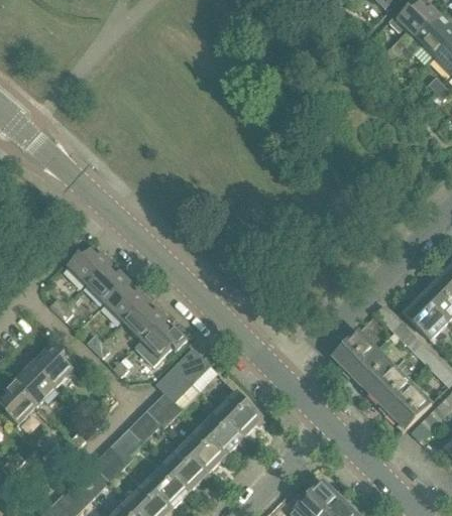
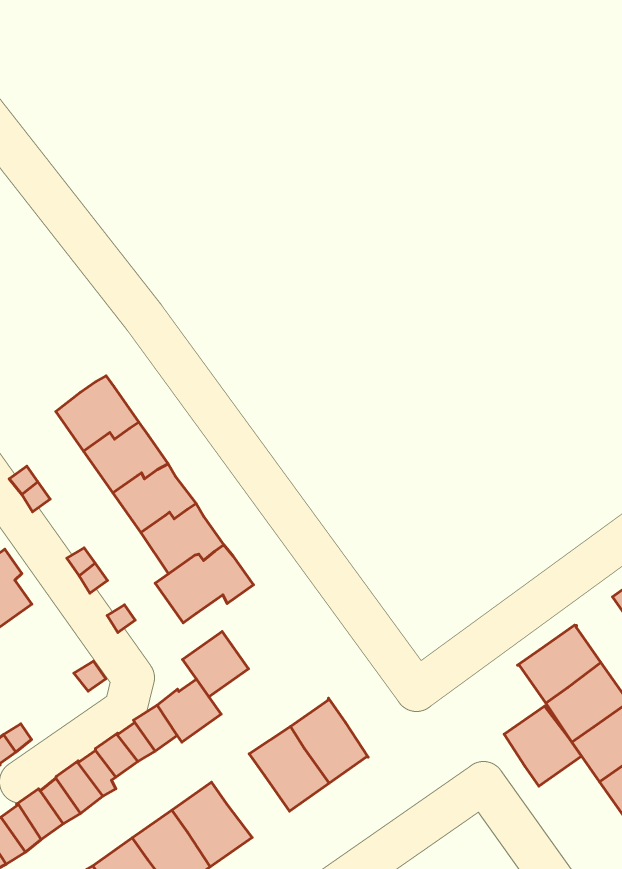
building: [175,348,210,383] -> none
building: none -> [504,706,581,786]
building: [183,427,226,471] -> none

